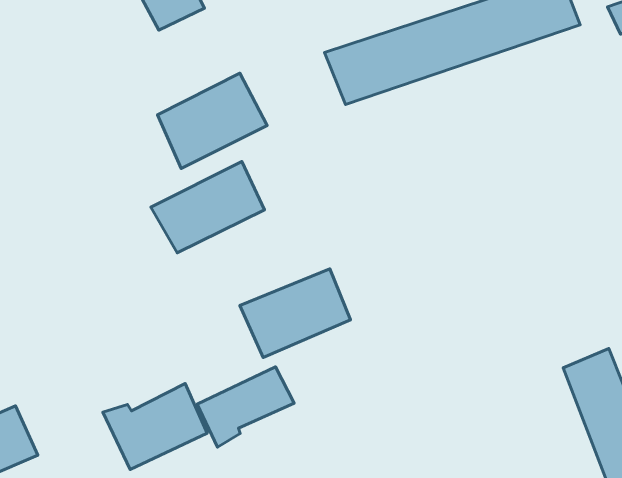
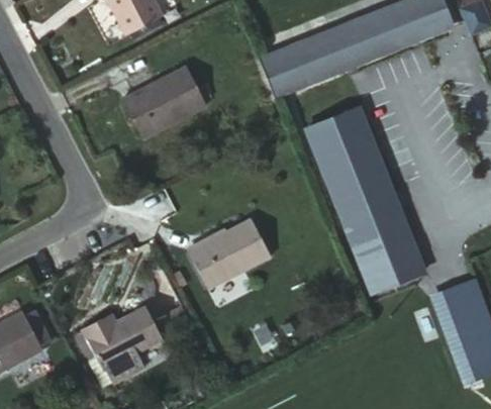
building: none -> [305,109,423,295]
building: [151,162,265,253] -> none
building: [197,367,294,447] -> none

